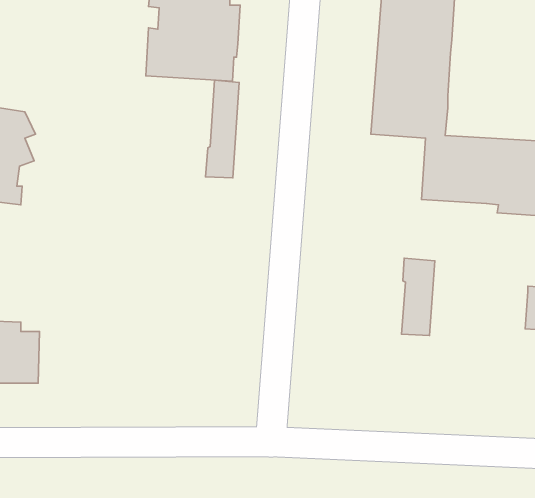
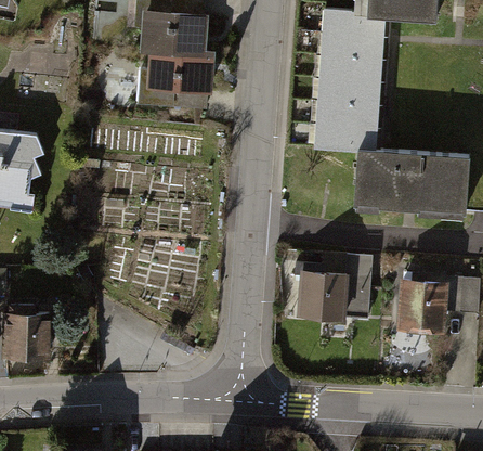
building: [206,80,239,178] -> none
building: none -> [293,268,345,317]
building: none -> [392,275,445,331]

